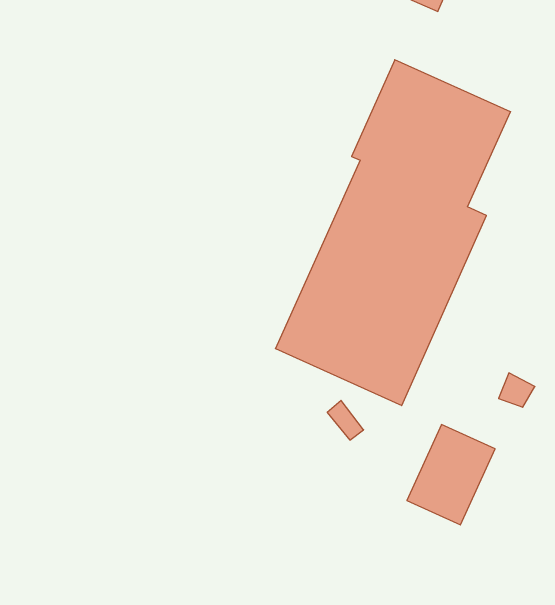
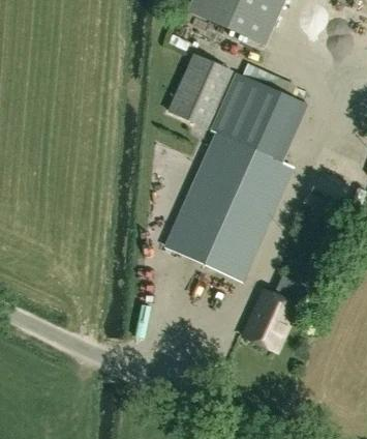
building: none -> [170,53,233,126]

